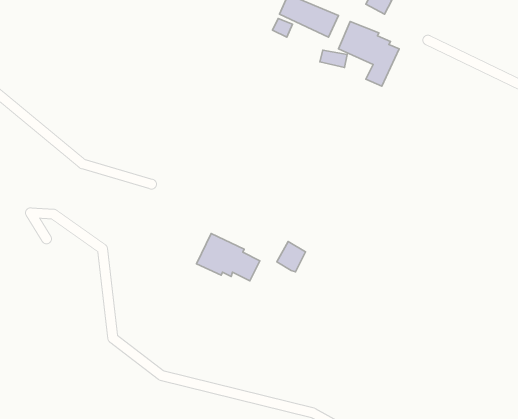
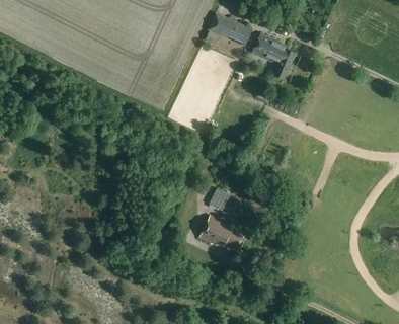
building: [197,233,260,281] -> [201,215,245,248]

